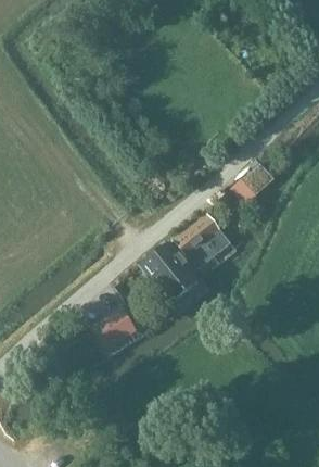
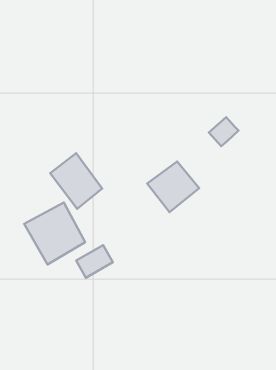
building: [139,243,197,306] -> [50,153,102,209]
building: none -> [24,202,85,265]

